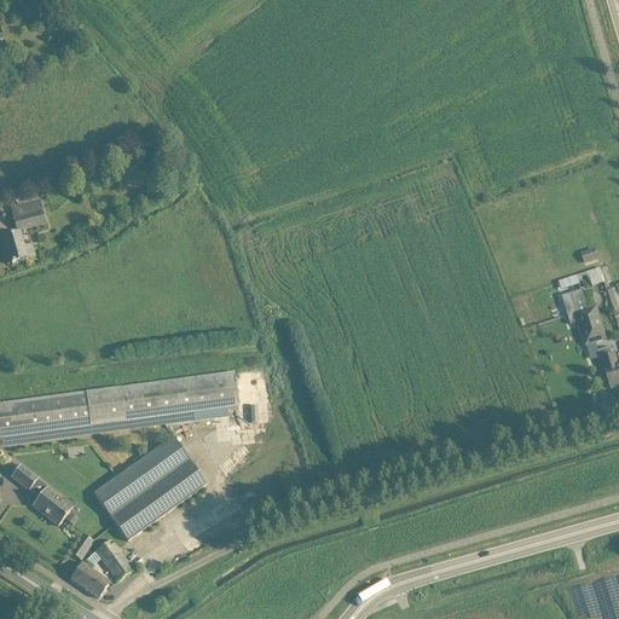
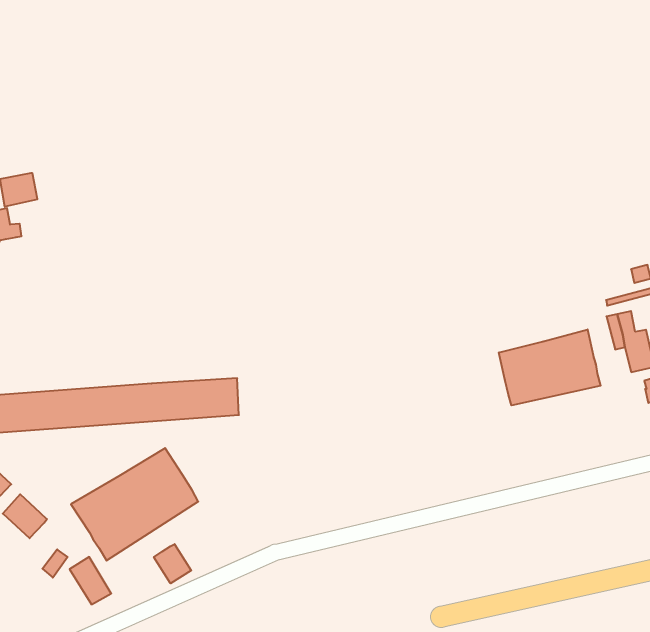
building: none -> [499,329,601,405]
building: none -> [154,544,191,583]
building: [70,562,109,597] -> none

